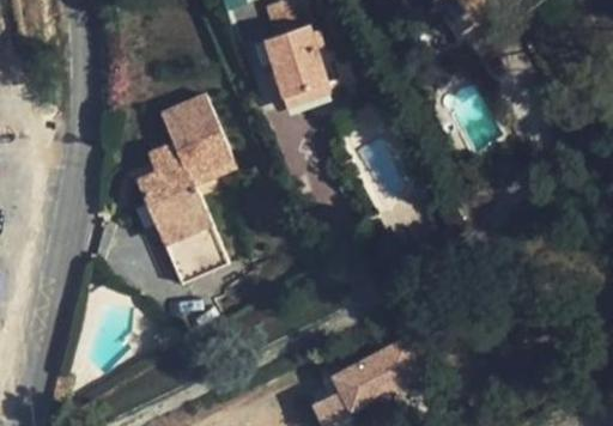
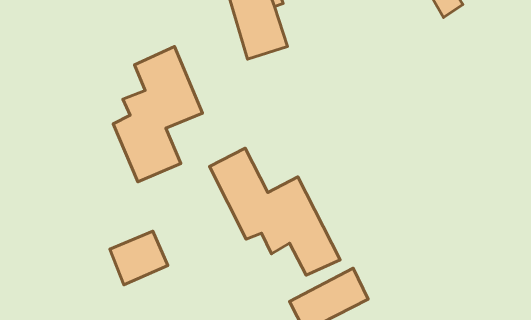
building: none -> [209,148,340,275]
building: [163,224,227,284] -> [110,231,168,285]

